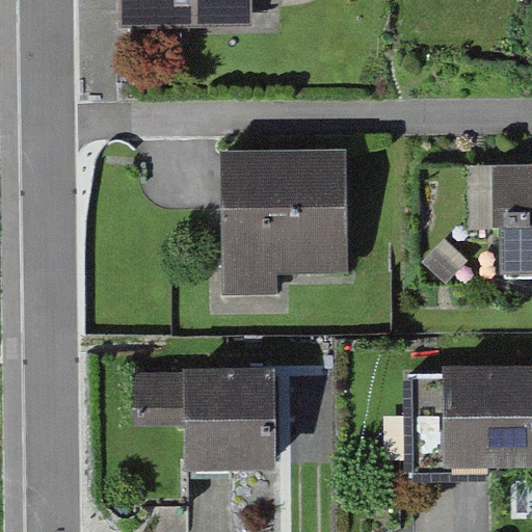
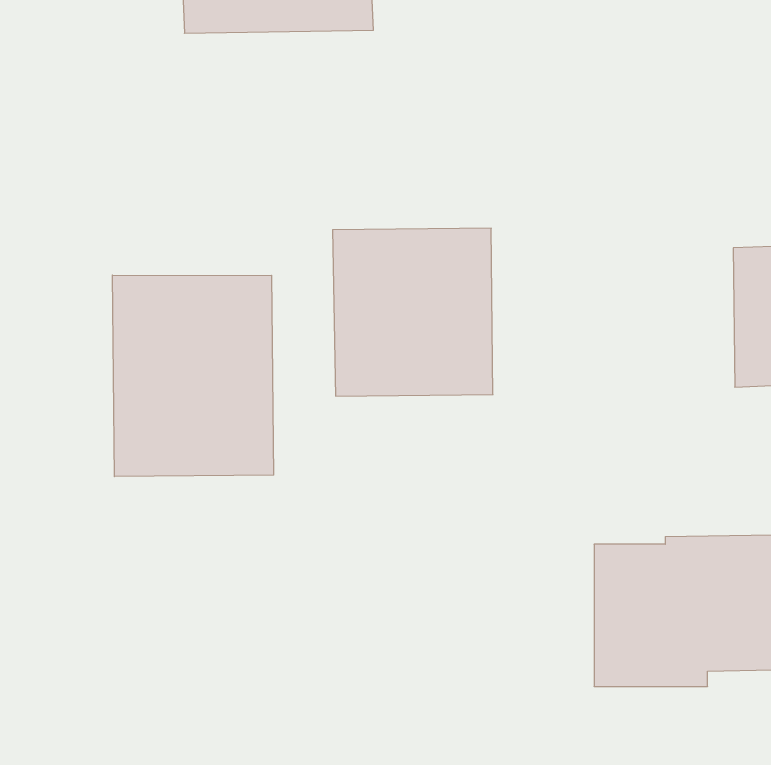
building: none -> [112,275,274,477]
building: [140,372,272,458] -> none

